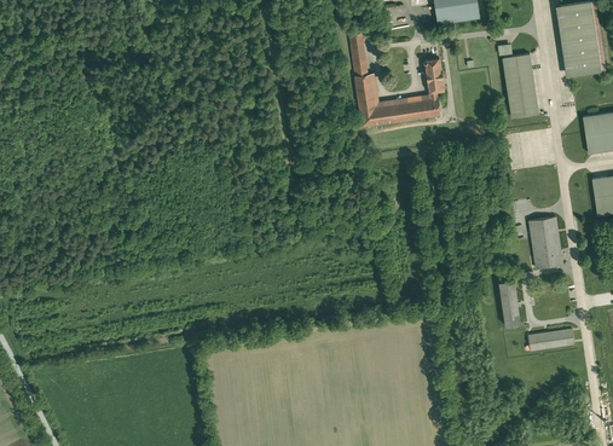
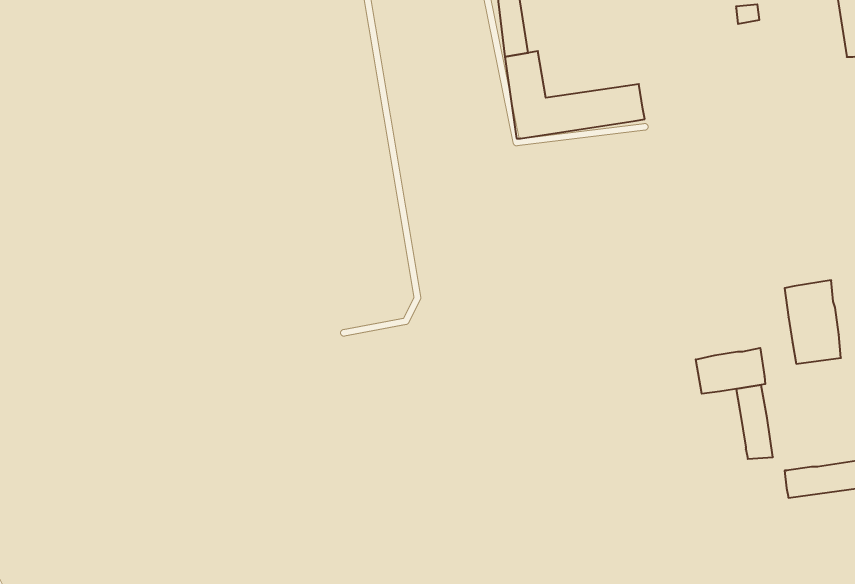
building: [503,53,539,117] -> none
building: [424,58,446,94] -> none
building: none -> [696,348,765,394]

